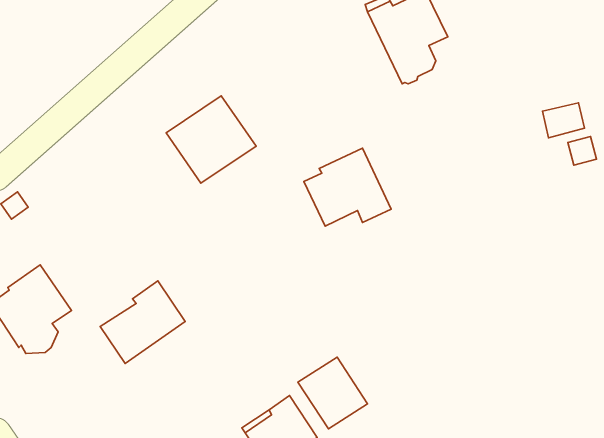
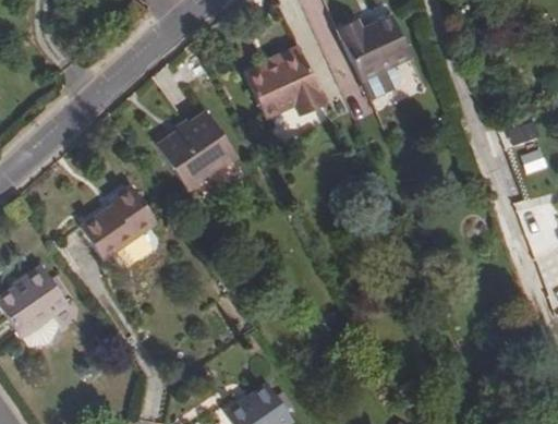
building: [304,148,391,226] -> [246,46,326,117]
building: [100,281,185,364] -> [81,184,158,259]
building: [298,357,368,429] -> none

